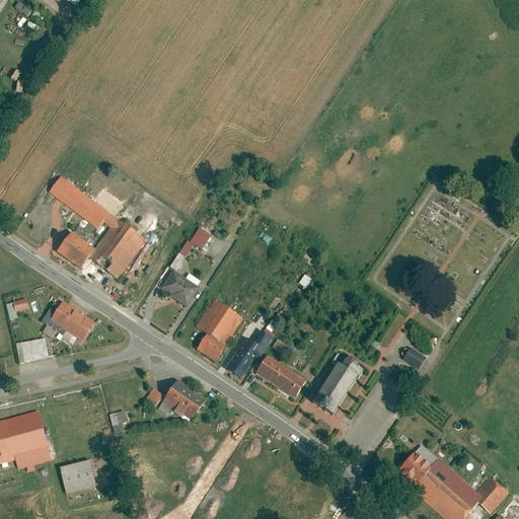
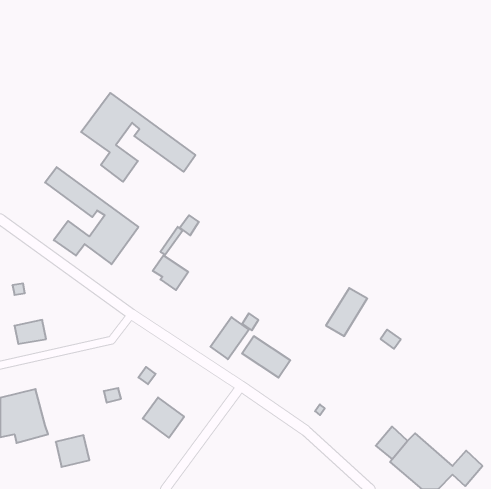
building: none -> [81,93,195,182]
building: [196,299,243,360] -> none
building: [41,301,95,342] -> none
building: [311,363,355,414] -> [326,288,367,336]
building: [162,378,206,421] -> [143,397,184,438]

